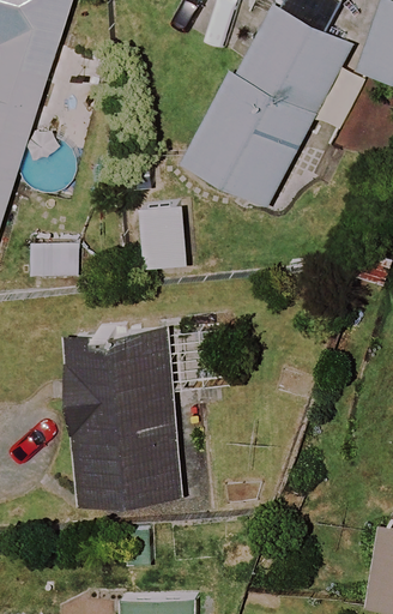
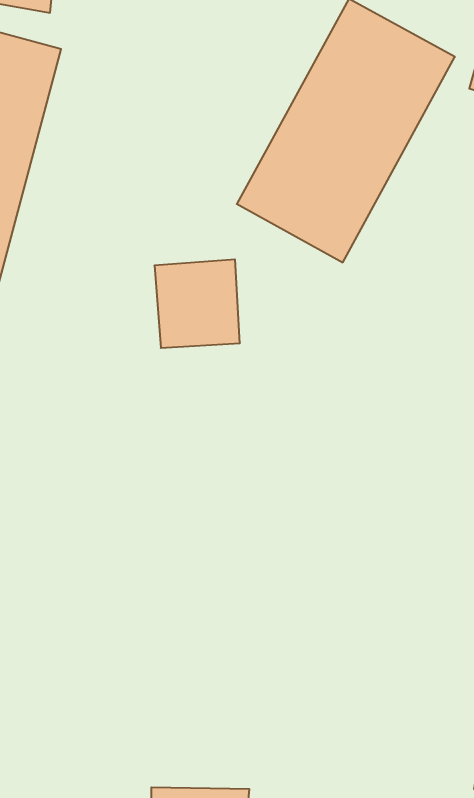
building: [73,332,174,502] -> none

